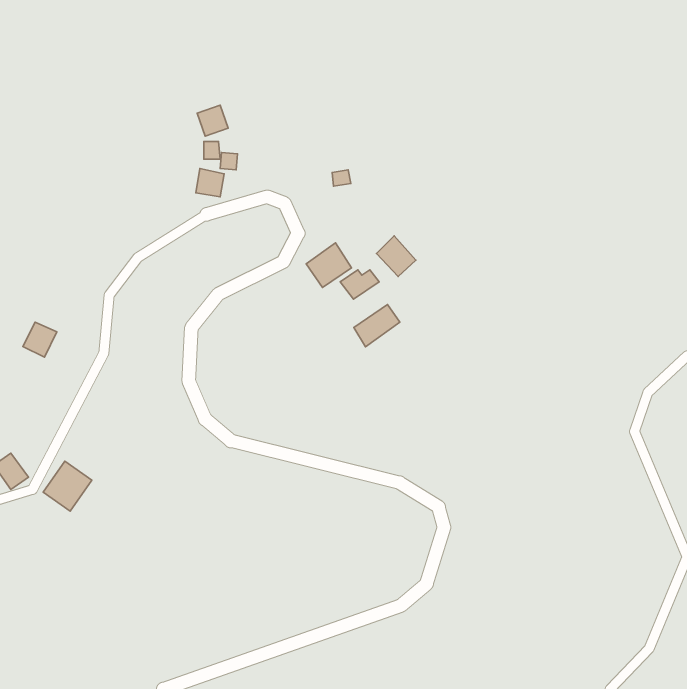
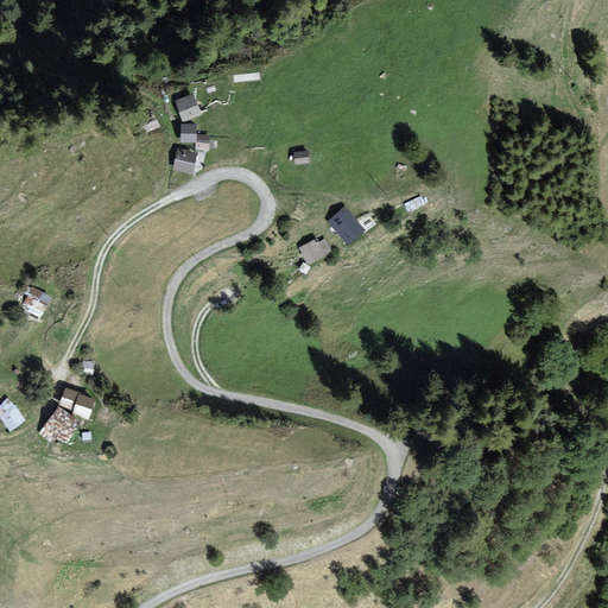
building: [306,243,351,287] -> none
building: [354,305,400,347] -> none
building: none -> [57,388,94,417]

